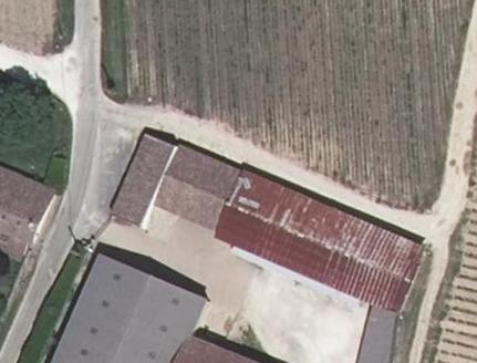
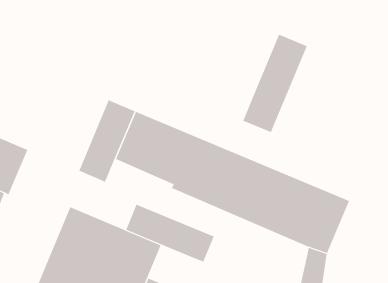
building: none -> [242,34,308,133]
building: none -> [125,204,214,263]

